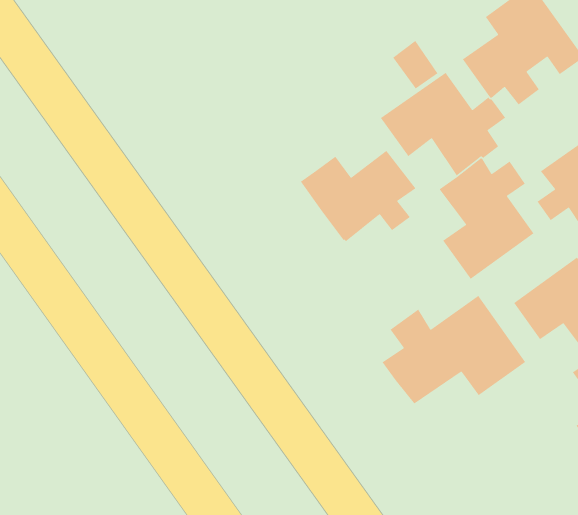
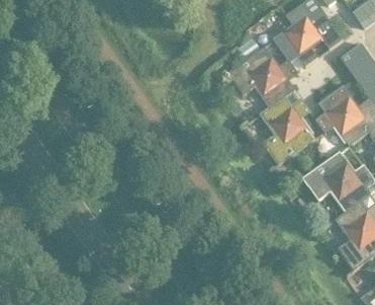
building: [300,150,416,243] -> none
building: [381,295,526,405] -> none

